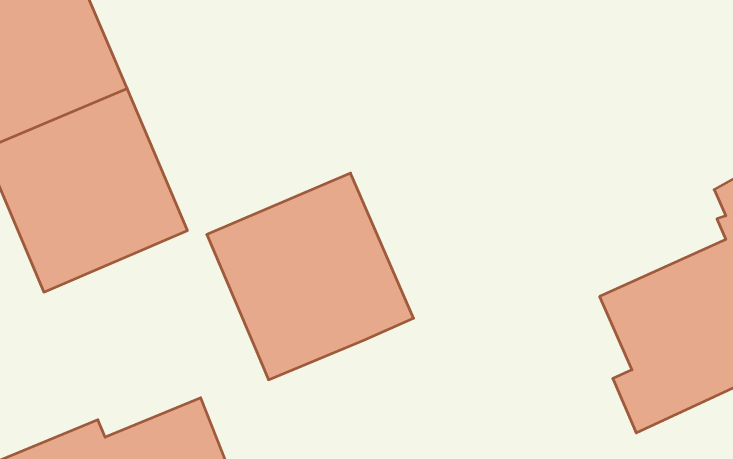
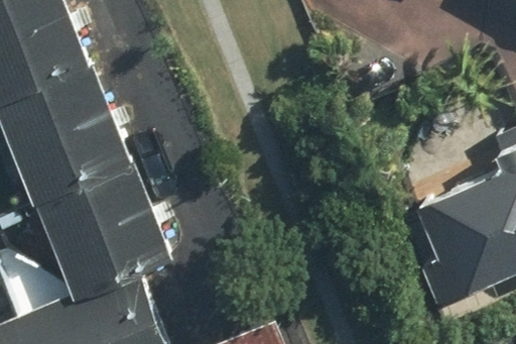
building: [207,173,414,380] -> [34,165,176,308]

